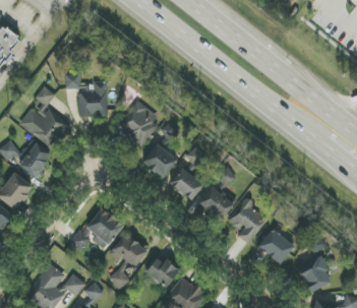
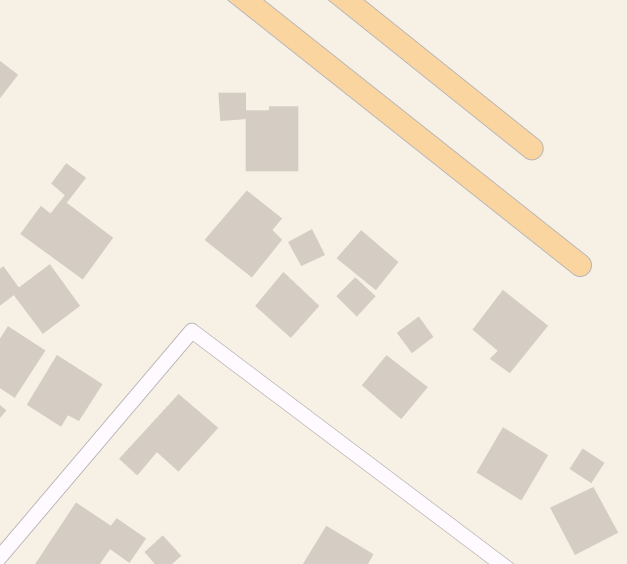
building: [64,74,107,116] -> [218,92,299,172]
building: [169,168,202,200] -> [335,229,400,291]
building: none -> [26,354,104,428]
building: [227,199,267,244] -> [471,289,549,374]
building: [108,234,146,290] -> none
building: [143,256,179,288] -> none

